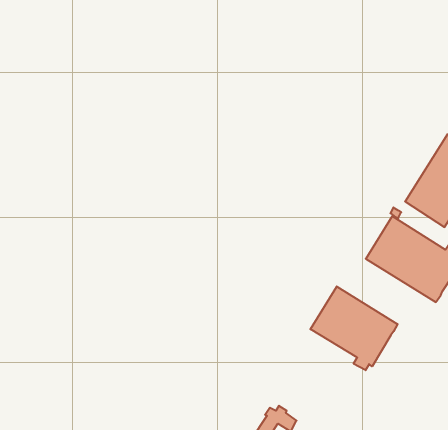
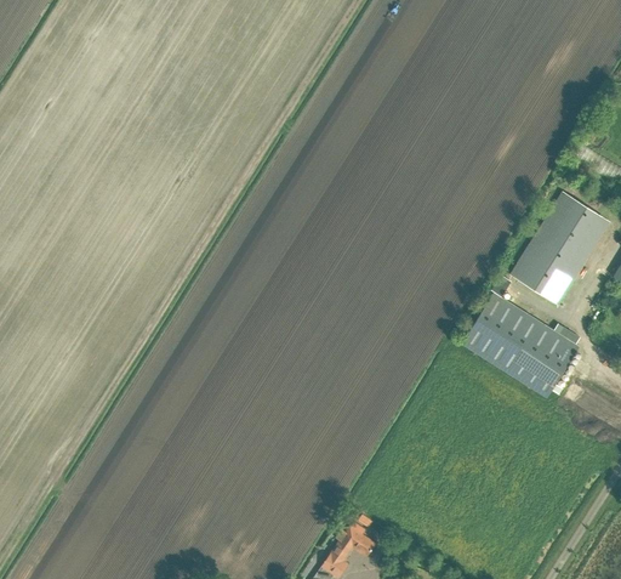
building: [310,286,398,370] -> none

